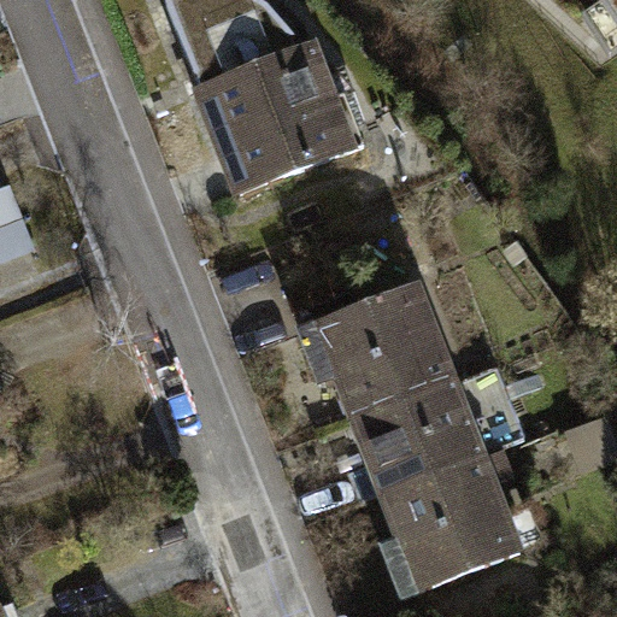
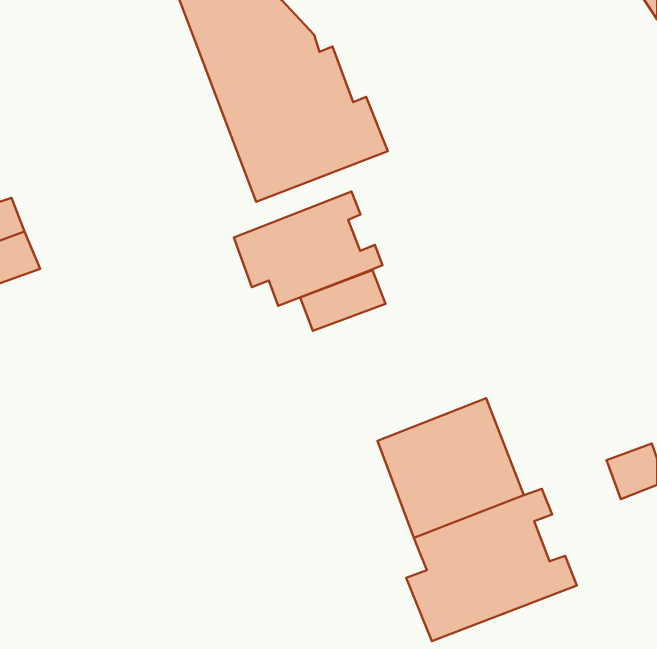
building: none -> [234,191,382,306]
building: [296,282,453,411] -> none

